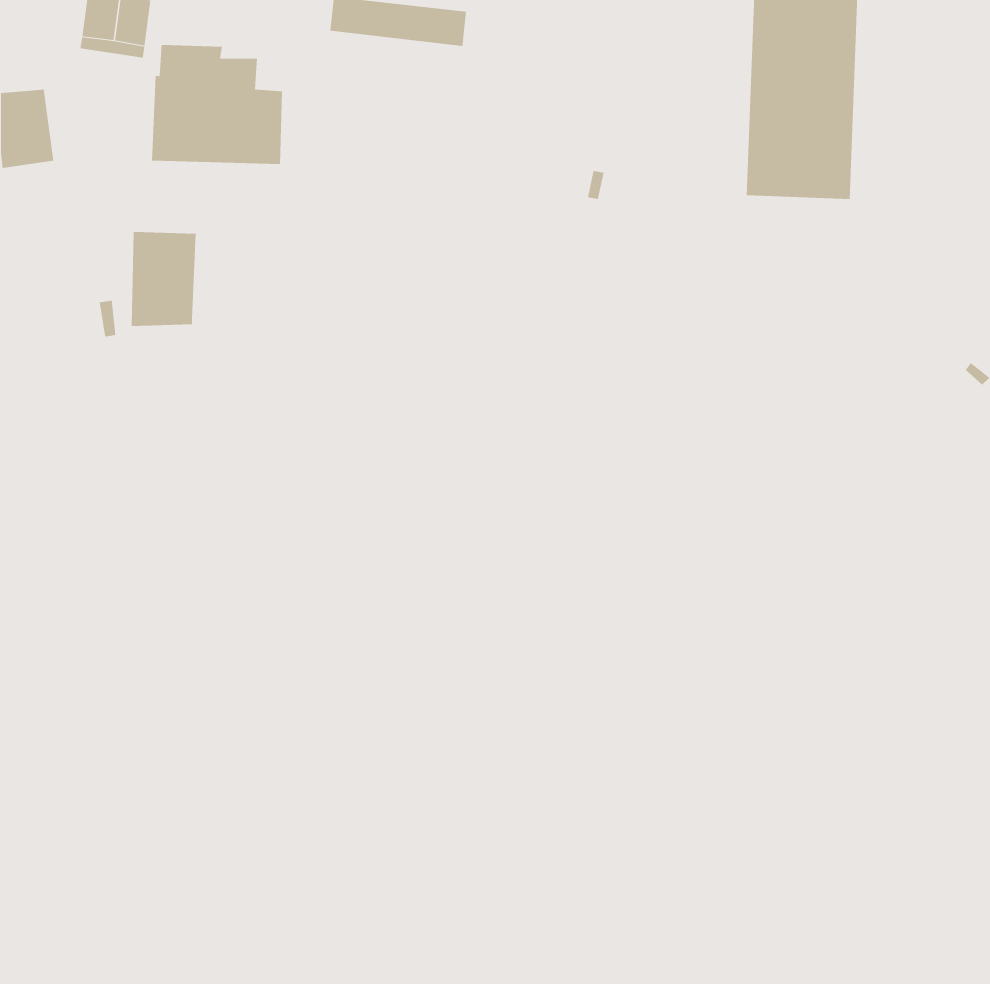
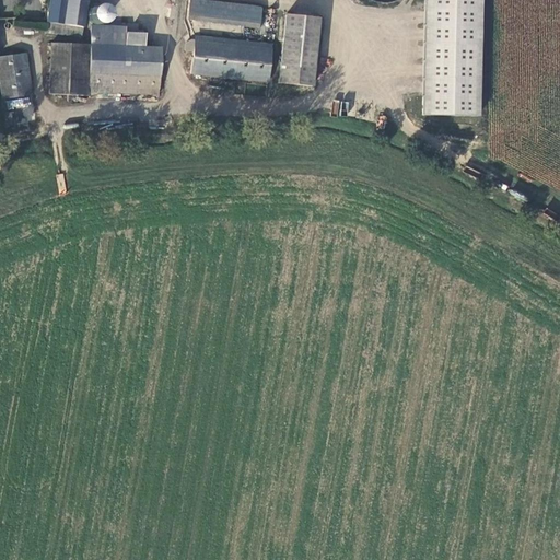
building: none -> [282,13,320,84]
building: none -> [185,38,272,80]
building: [131,231,197,326] -> [50,42,88,95]

